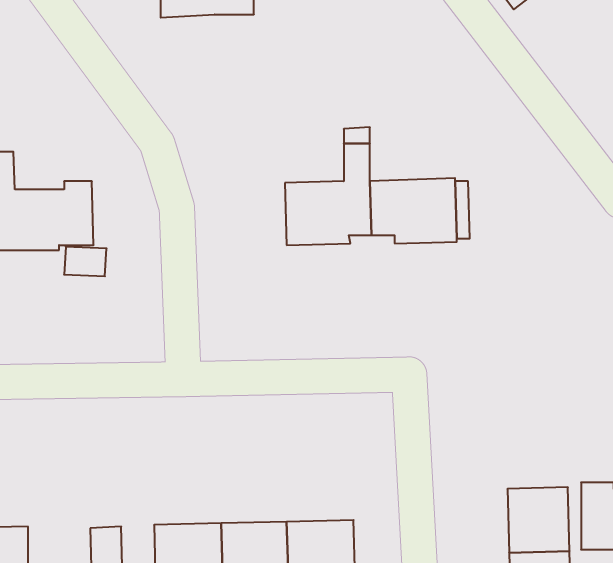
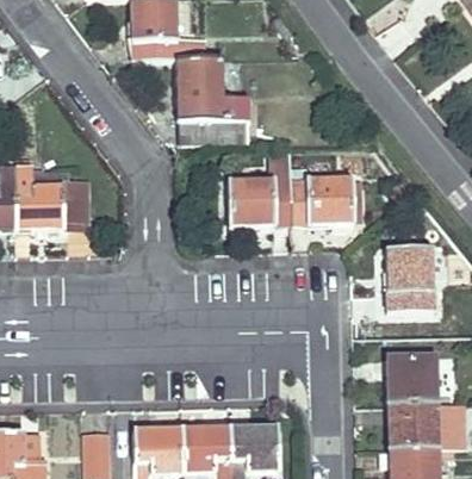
building: none -> [176,57,248,143]
building: none -> [386,248,433,311]
building: none -> [389,356,434,404]

